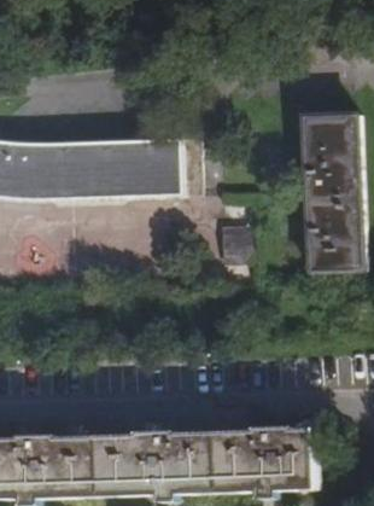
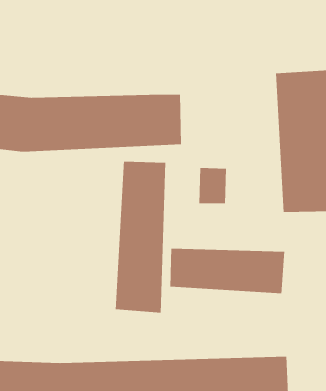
building: none -> [115,161,166,313]
building: none -> [170,248,285,294]

